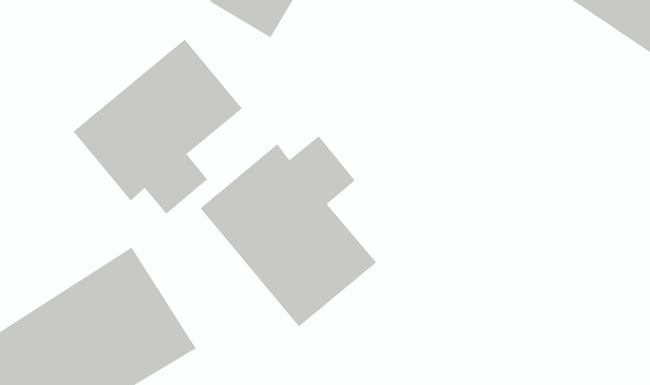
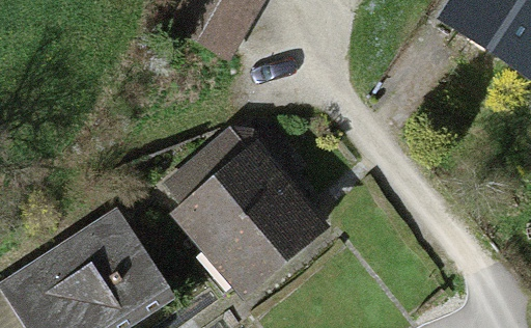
building: [72,39,243,215] -> none

